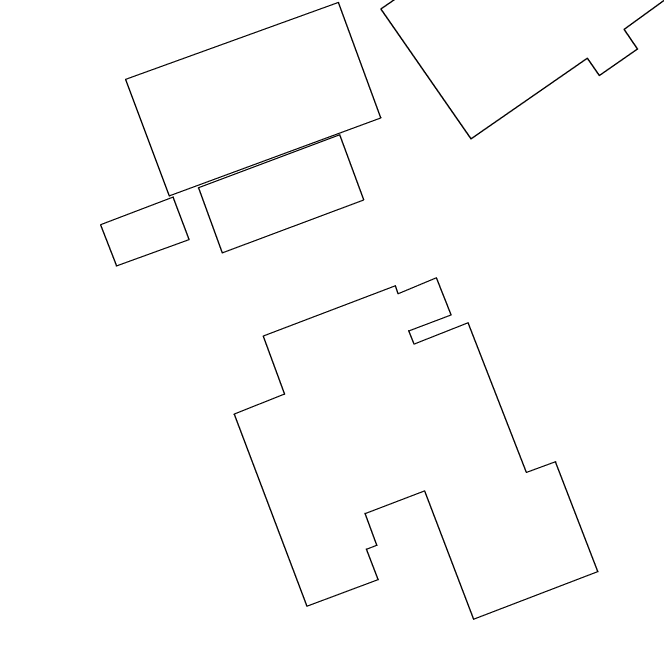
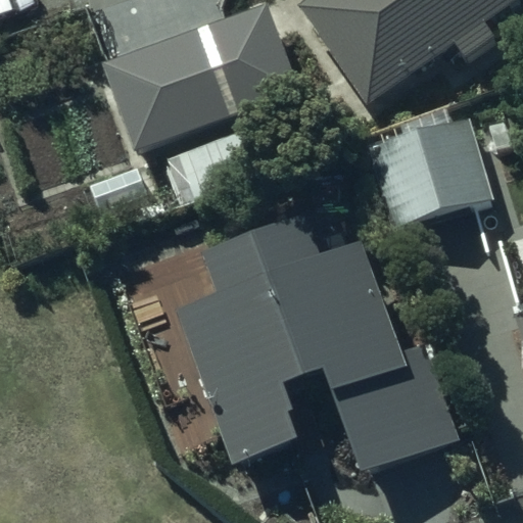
building: none -> [367,115,493,228]

